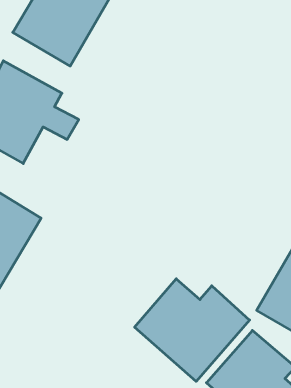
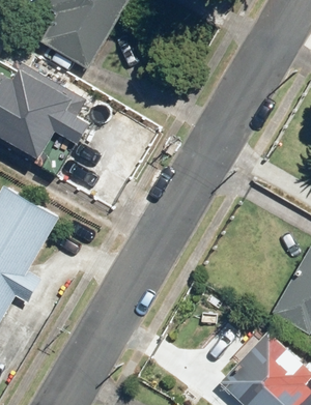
building: [135,279,250,381] -> none

